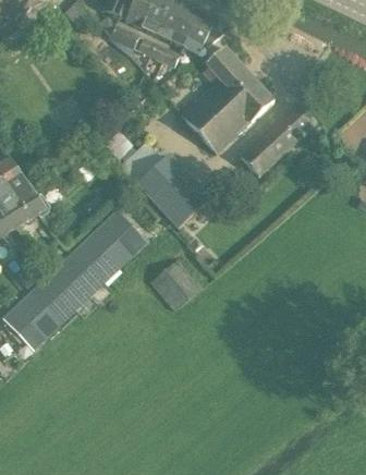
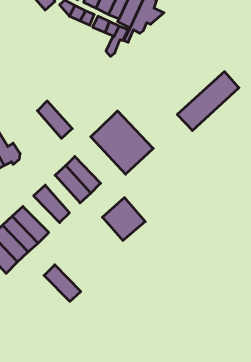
building: [181,47,272,153] -> none
building: [80,231,122,277] -> [37,101,72,138]
building: [52,256,97,301] -> [44,265,81,301]

